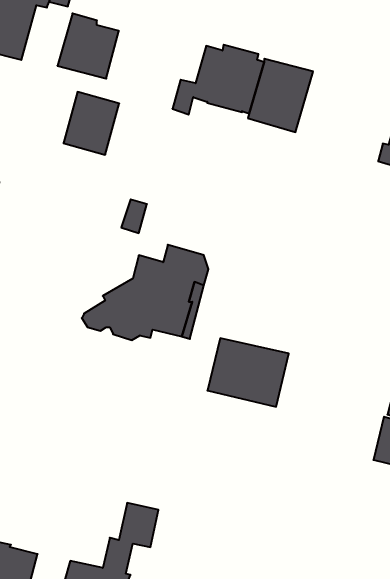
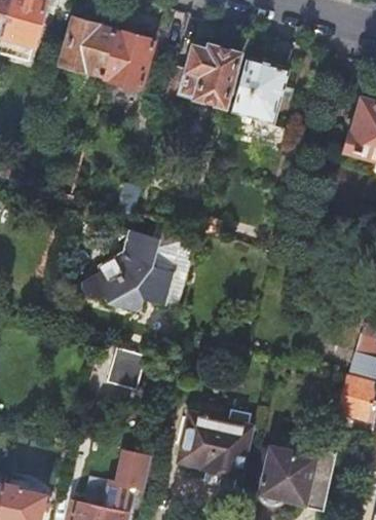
building: [63,92,119,155] -> [103,33,152,88]
building: [207,338,289,407] -> [180,413,252,474]
building: none -> [104,345,140,380]
building: none -> [260,446,336,511]

